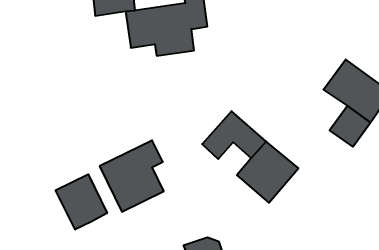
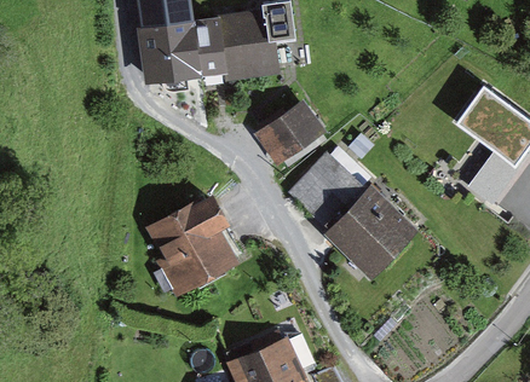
building: none -> [136,18,190,75]
building: none -> [255,103,321,162]
building: [56,174,107,230] -> none

